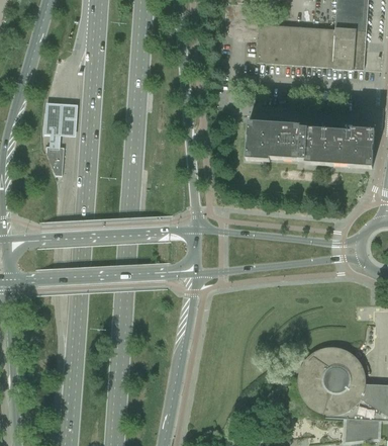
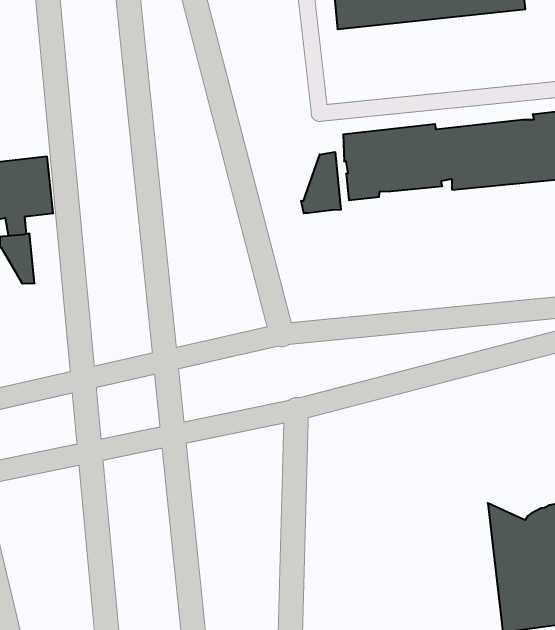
building: none -> [301,152,341,213]

